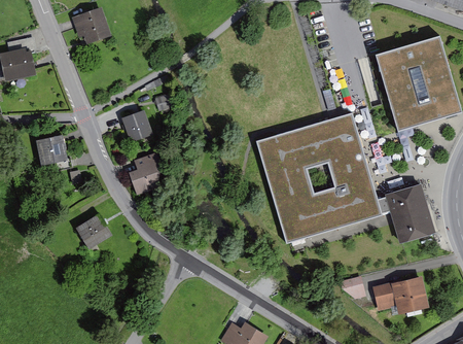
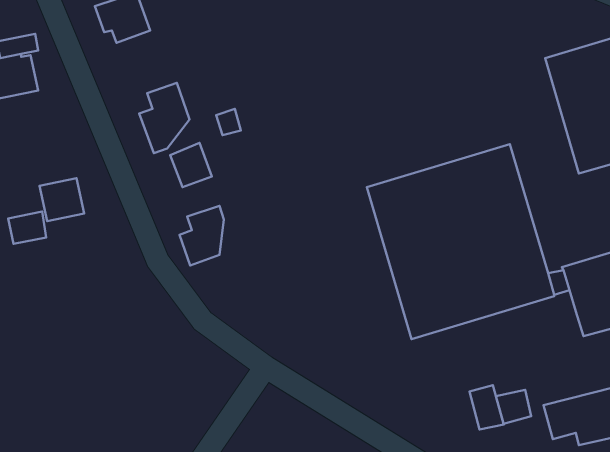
building: none -> [139,83,189,153]
building: none -> [8,211,46,244]
building: [76,215,110,247] -> none
building: none -> [469,385,504,429]

